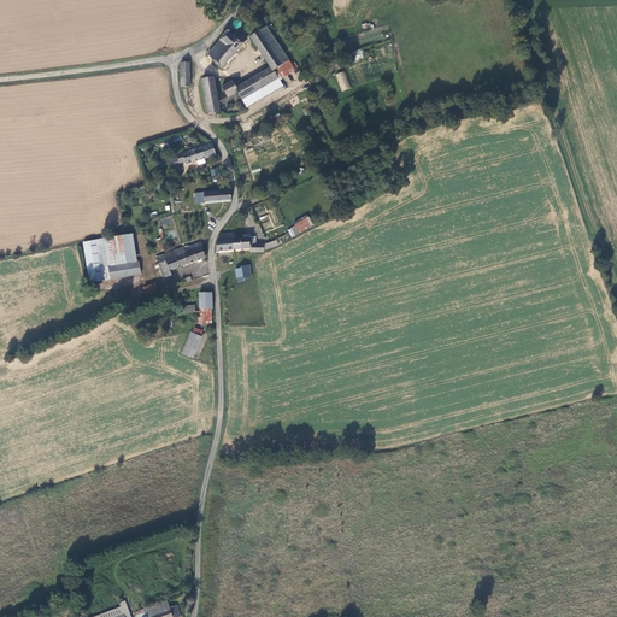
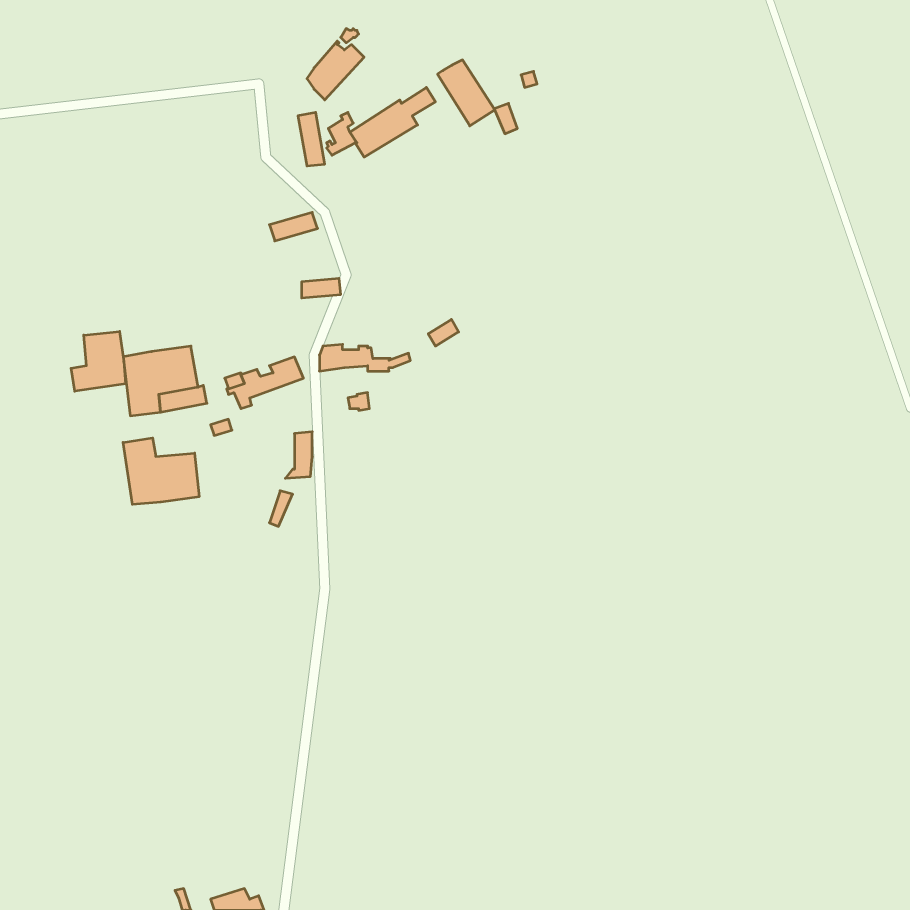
building: [249,25,288,70] -> [438,60,495,126]
building: none -> [71,331,125,391]
building: none -> [123,438,199,504]

